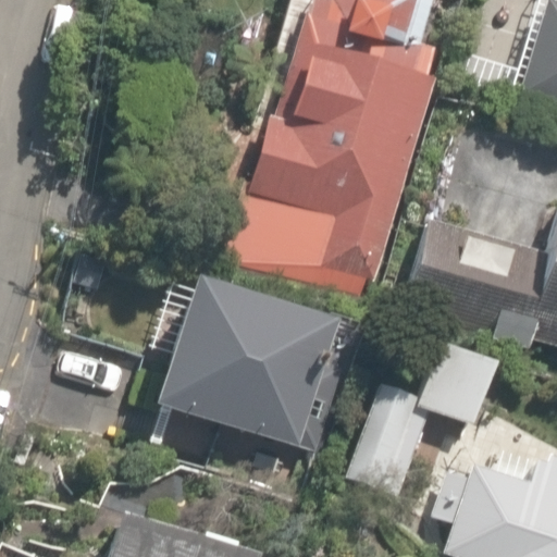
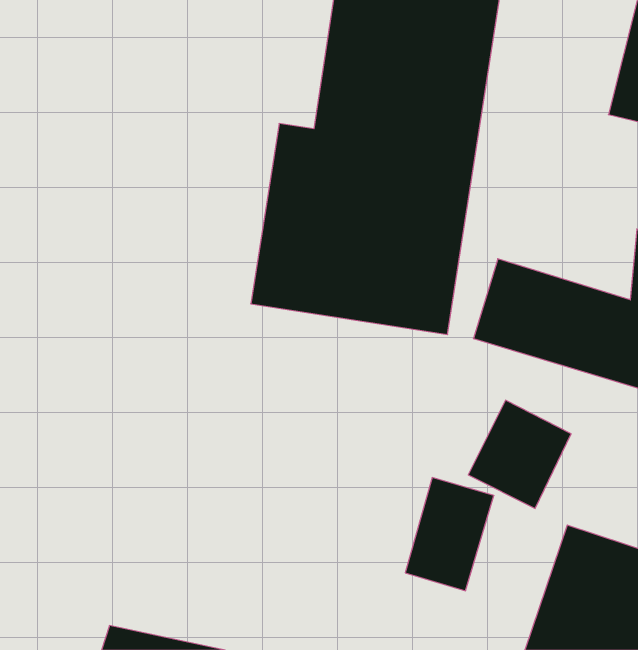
building: [149,282,336,447] -> none

